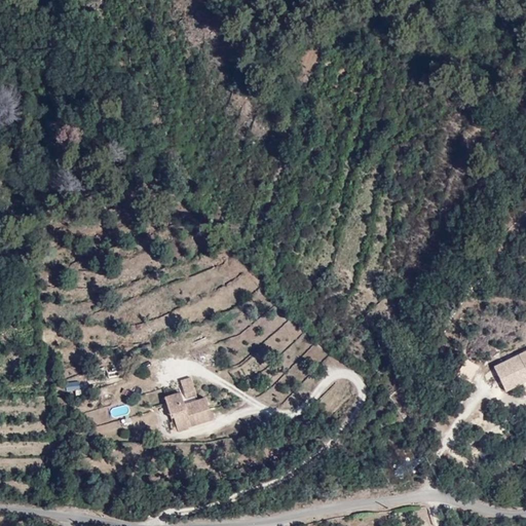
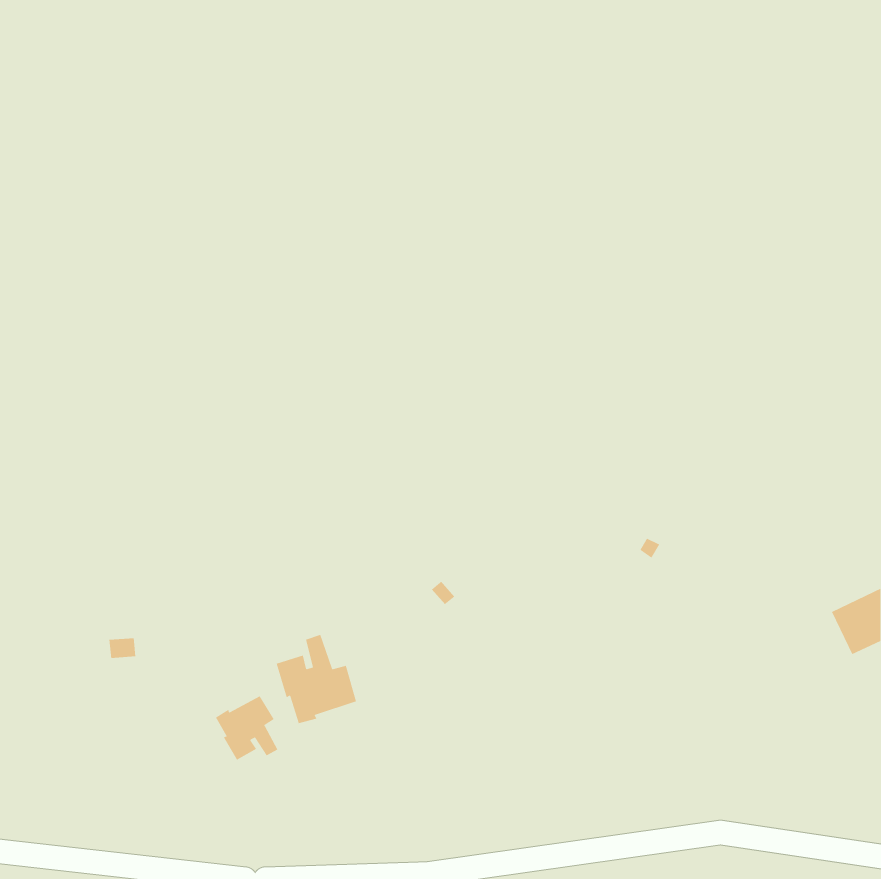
building: none -> [215,695,278,760]

